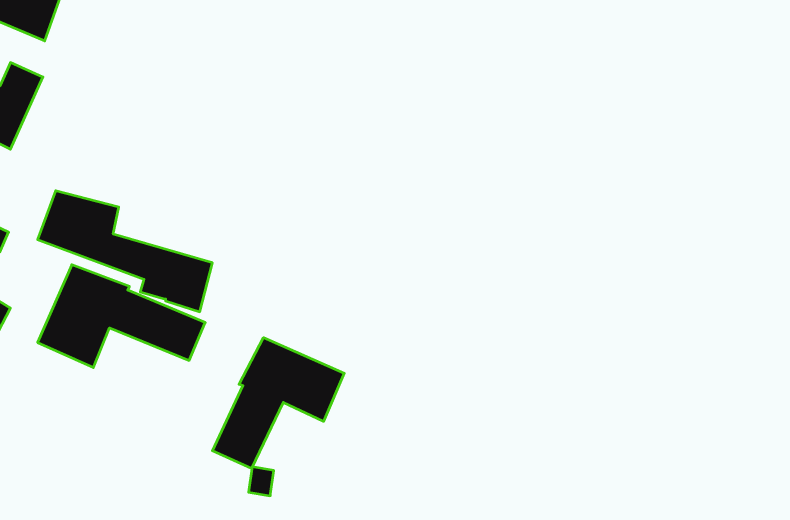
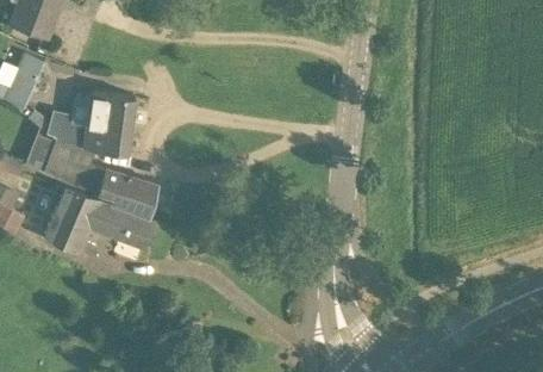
building: none -> [45,92,135,154]
building: [212,338,344,468] -> none

